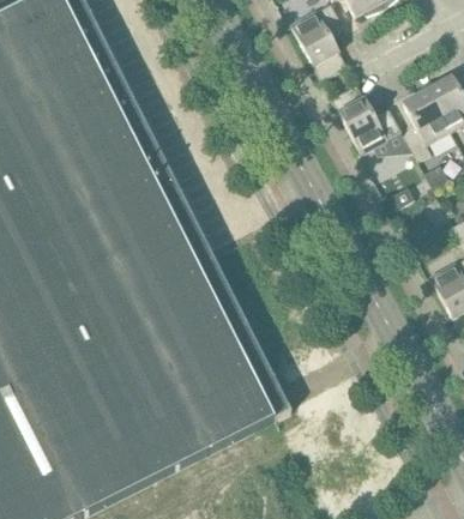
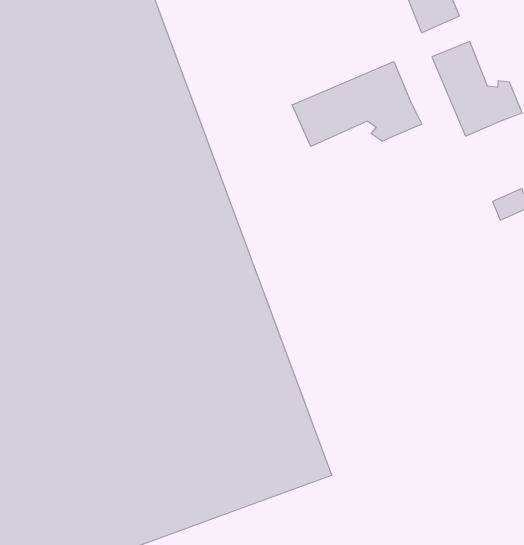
building: none -> [292,62,422,146]

